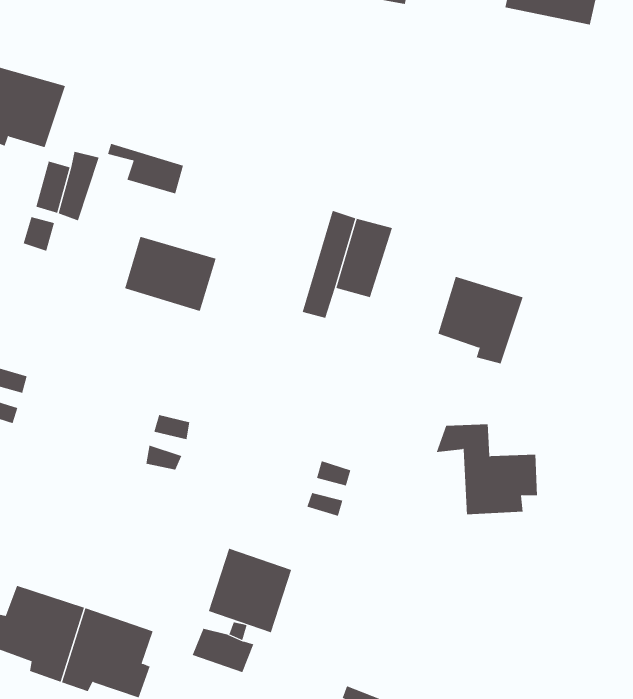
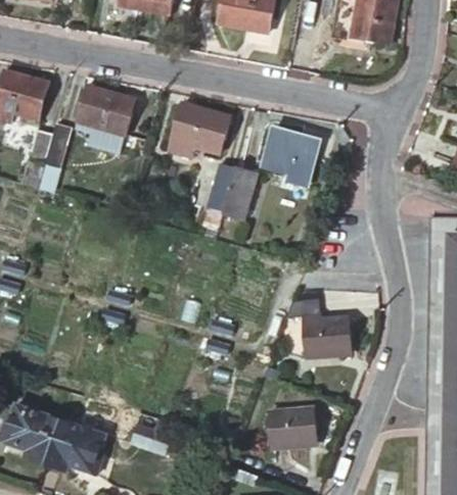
building: none -> [169,103,230,156]
building: [124,236,216,311] -> [77,85,136,133]
building: [437,276,524,364] -> [265,130,320,186]
building: [208,548,292,633] -> none
building: none -> [270,408,314,446]

